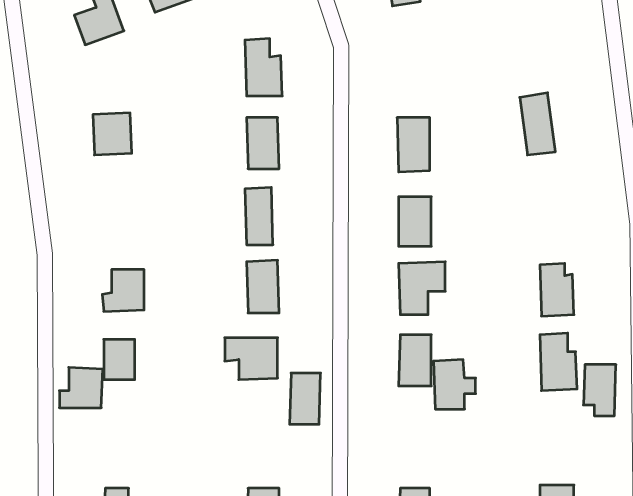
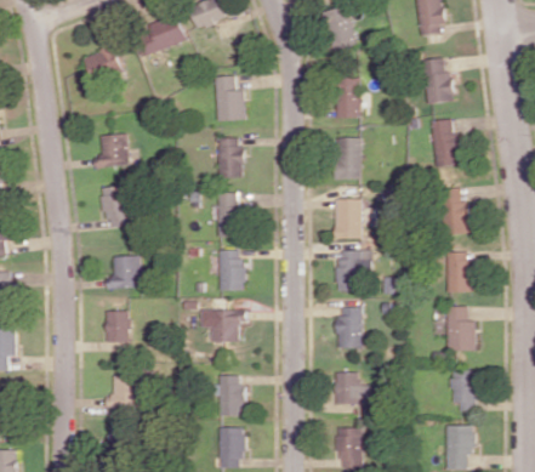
building: none -> [425,59,453,103]
building: none -> [336,79,359,119]
building: none -> [101,187,130,228]
building: none -> [444,188,466,235]
building: [434,360,476,409] -> [334,373,366,411]
building: [583,365,616,416] -> [451,371,477,411]
building: [59,367,103,408] -> [106,376,140,408]
building: [290,373,321,424] -> [218,376,243,416]

